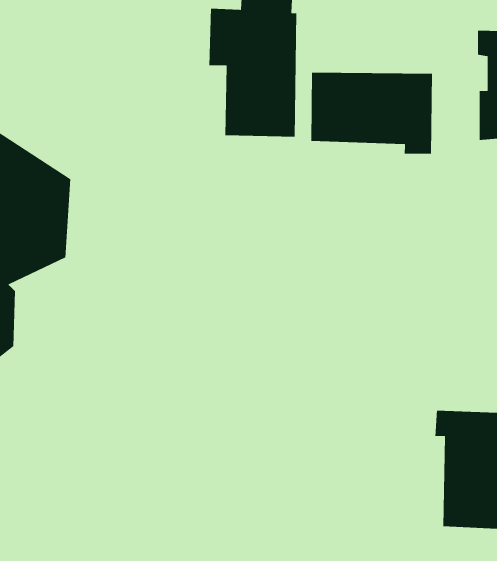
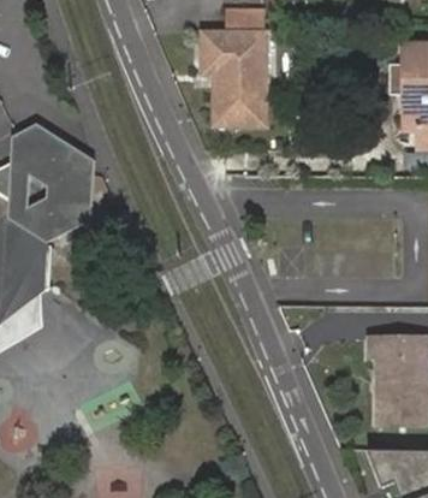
building: [311,72,433,154] -> none

